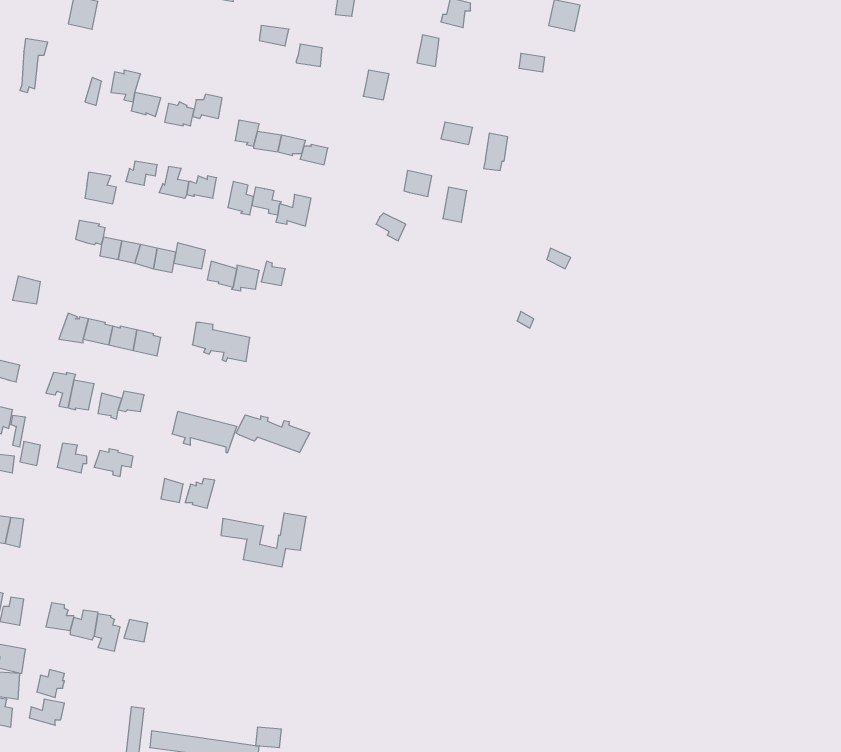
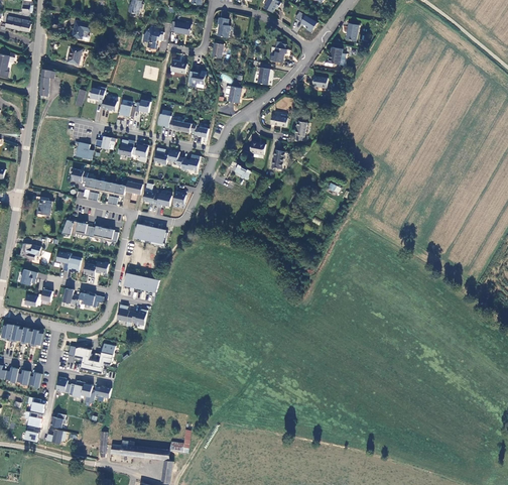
building: [236,415,310,453] -> none
building: [221,513,306,567] -> [67,343,113,372]

